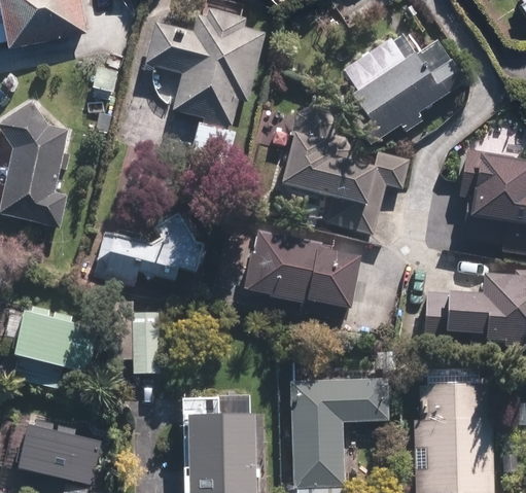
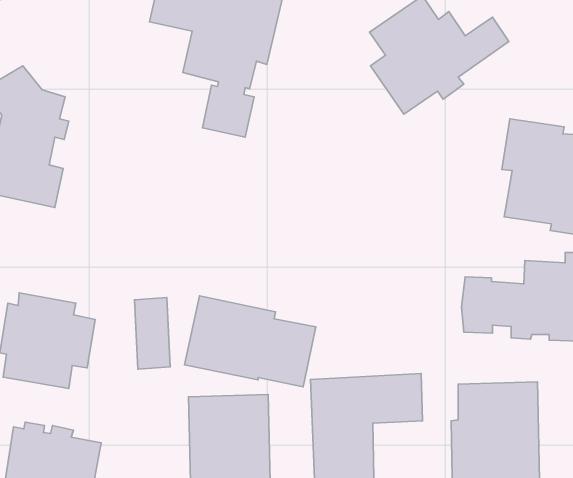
building: [278,137,412,234] -> none
building: [95,207,209,284] -> none
building: [241,231,358,312] -> [184,296,316,387]

